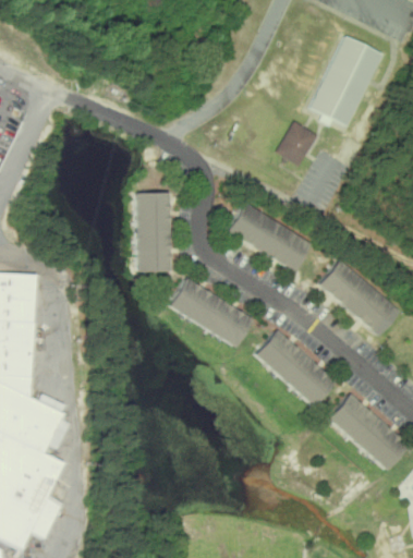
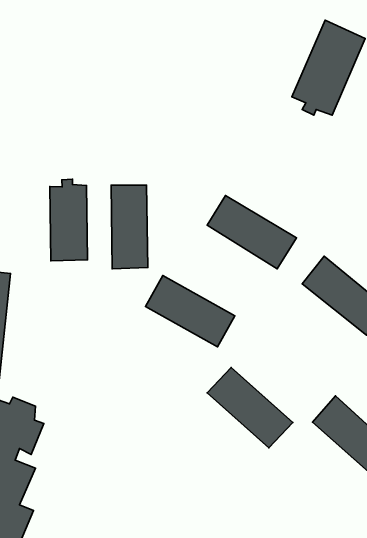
building: [276,120,317,166] -> none
building: none -> [50,179,88,261]
building: [255,329,337,405] -> [207,368,293,448]

